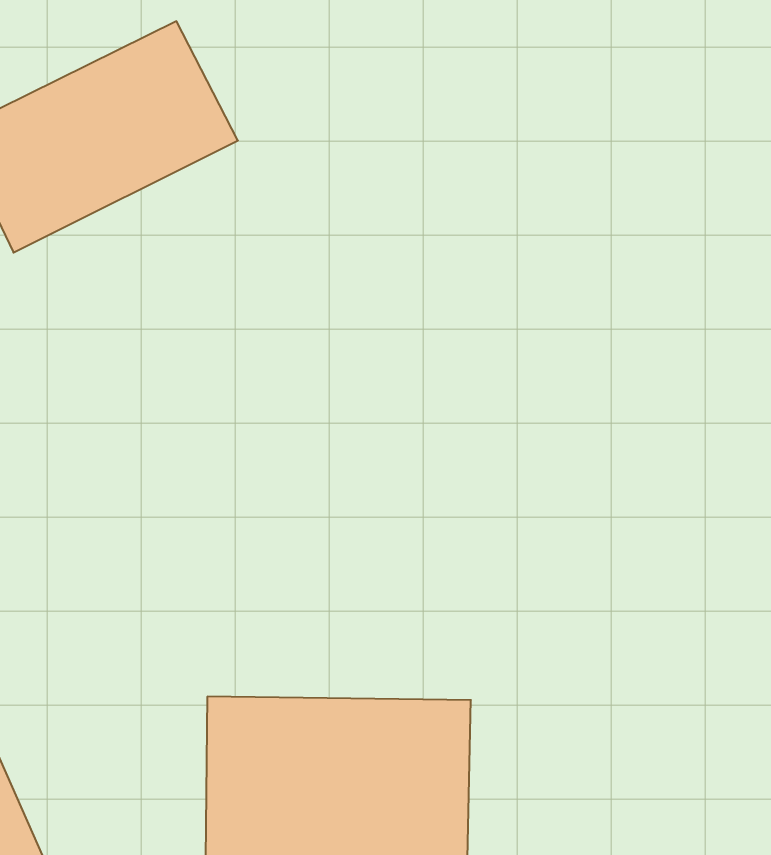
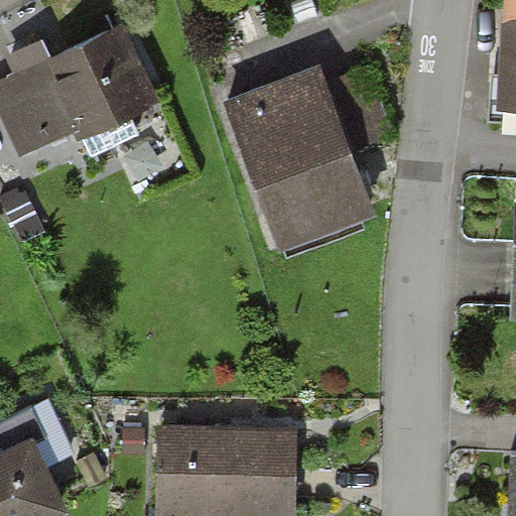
building: none -> [225,74,368,250]

